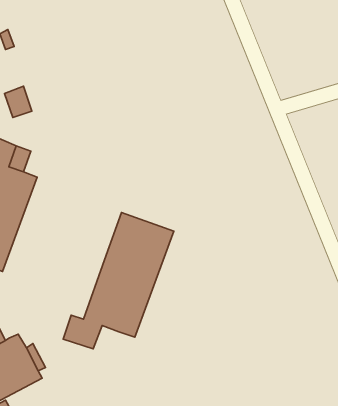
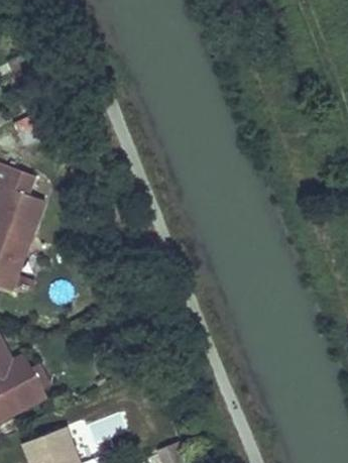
building: [63,212,174,349] -> none

